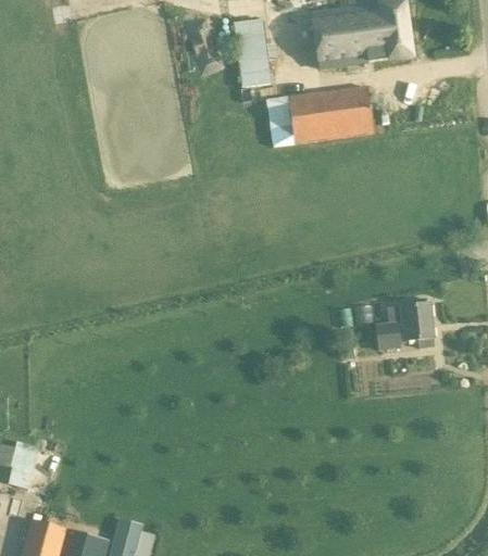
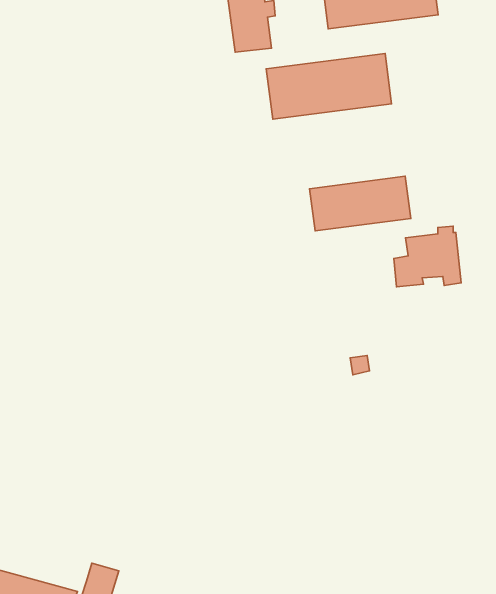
building: none -> [310,176,411,231]
building: [376,299,433,350] -> [394,226,461,287]

